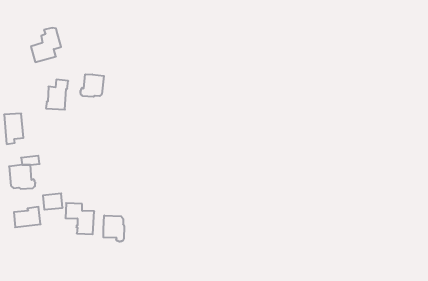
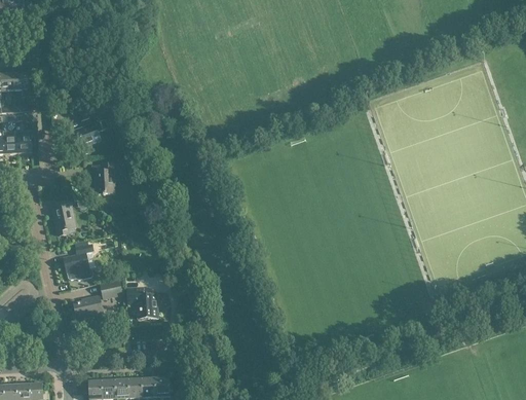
building: [80,74,104,97] -> none
building: [103,215,124,242] -> none

